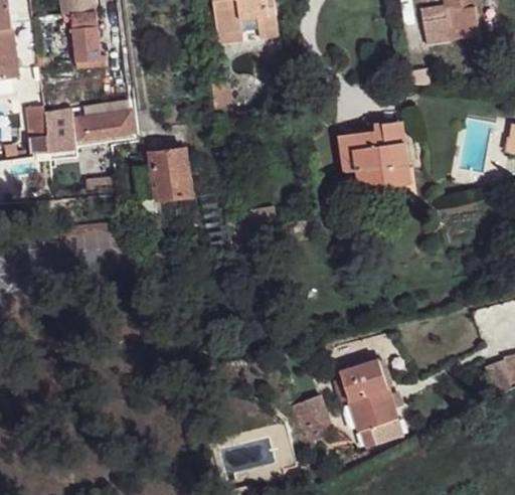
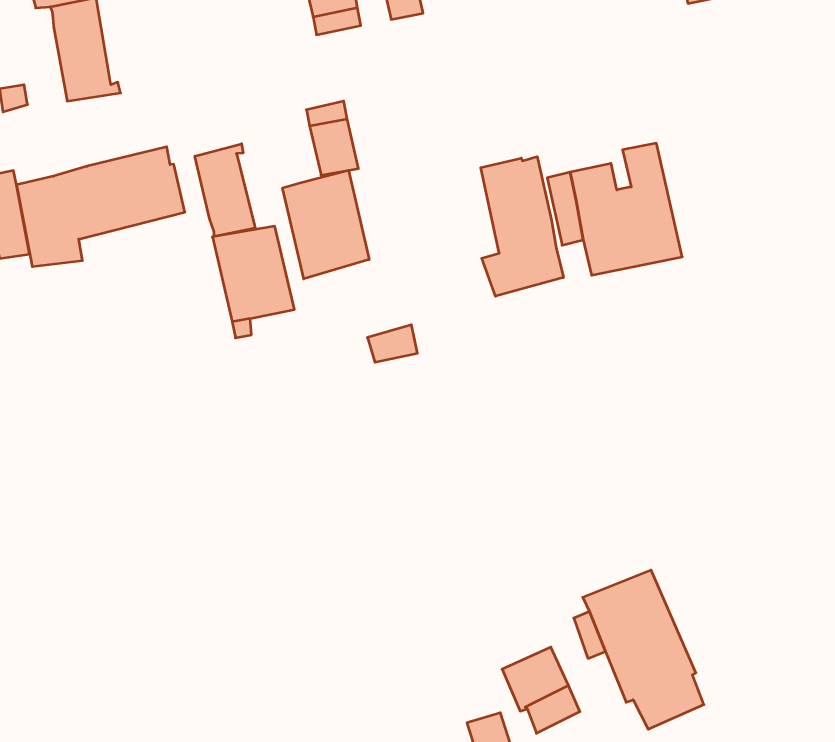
building: none -> [195,144,255,237]
building: none -> [283,170,369,279]
building: none -> [481,157,563,296]

